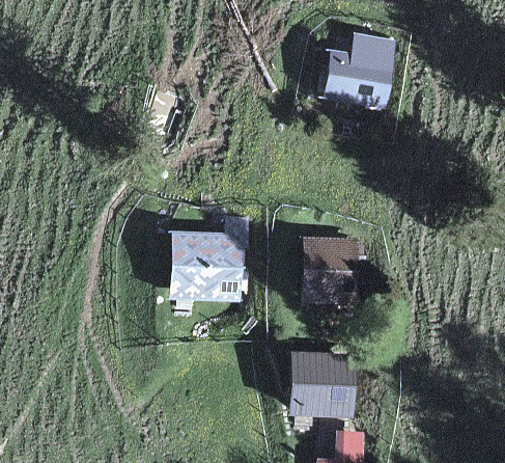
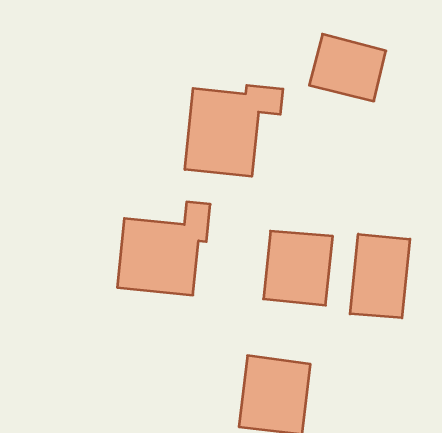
building: none -> [185,85,283,176]
building: none -> [350,234,410,318]

